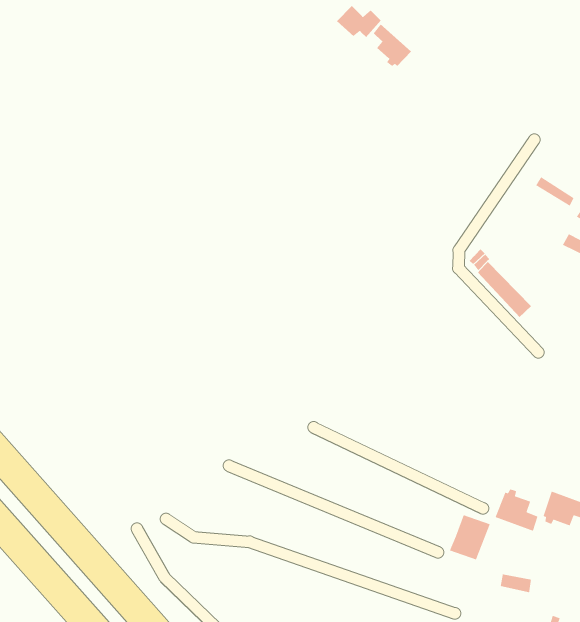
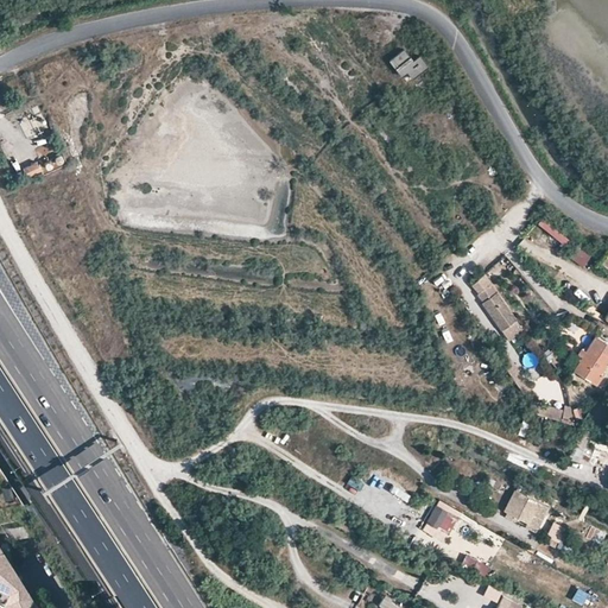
building: [373,24,412,67] -> none
building: [495,489,538,532] -> none

